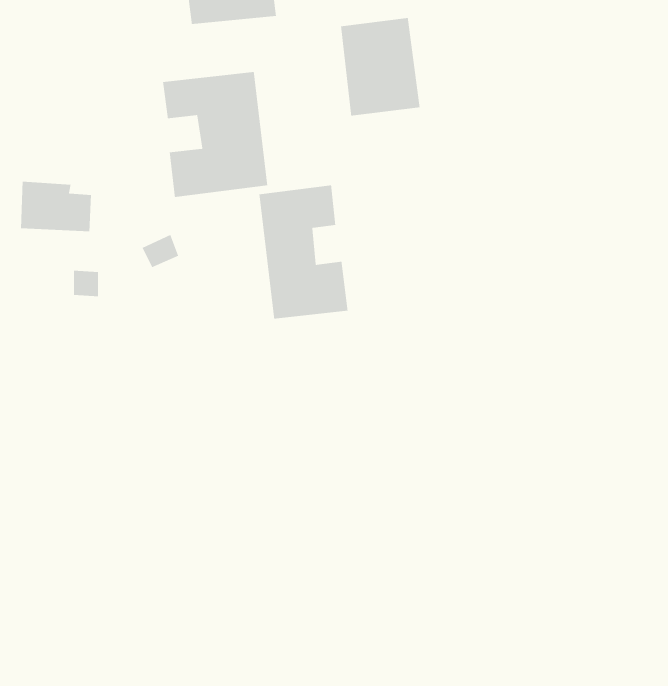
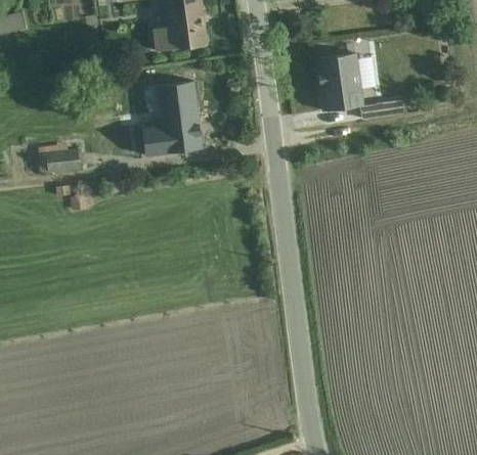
building: [340,17,421,116] -> [315,52,363,111]
building: [259,184,349,319] -> none

